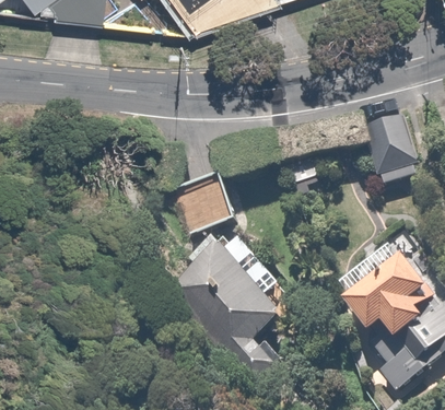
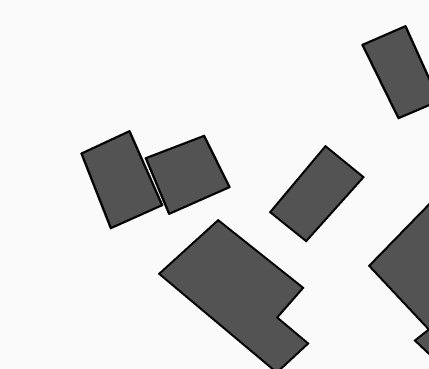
building: none -> [82,131,162,228]
building: none -> [270,146,364,241]

